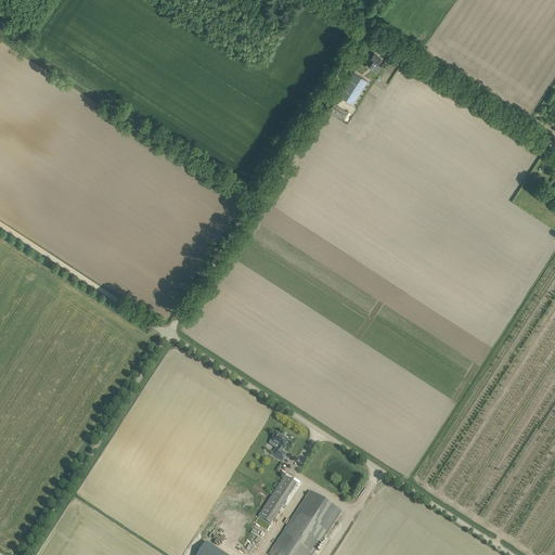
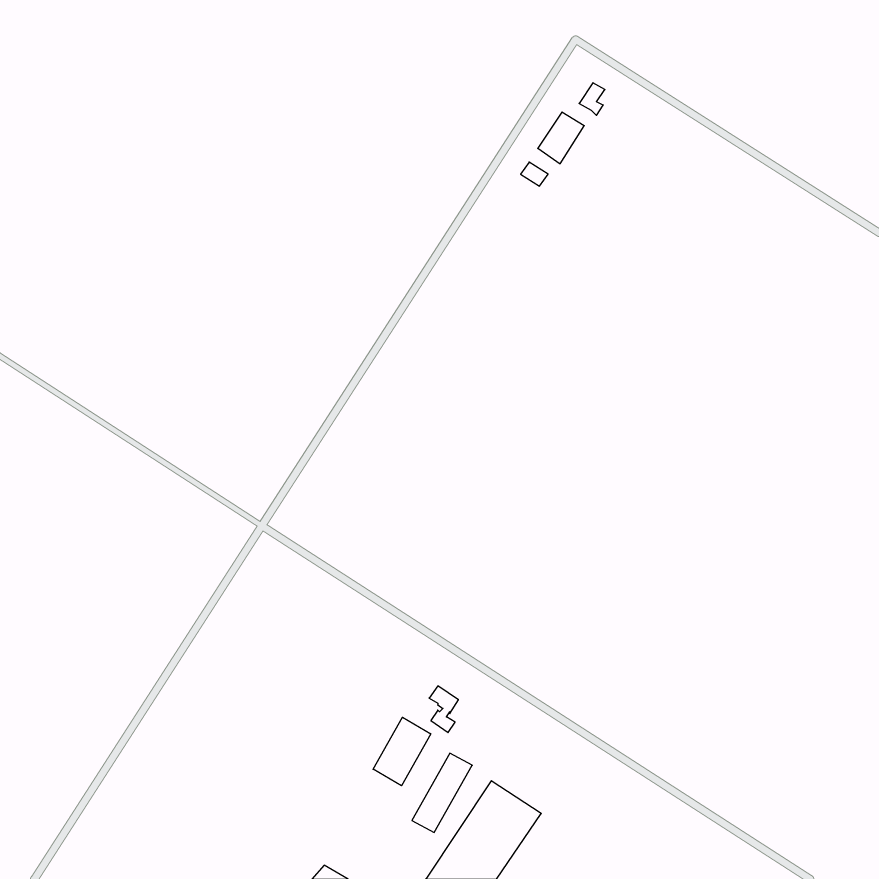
building: none -> [373,717,431,786]

